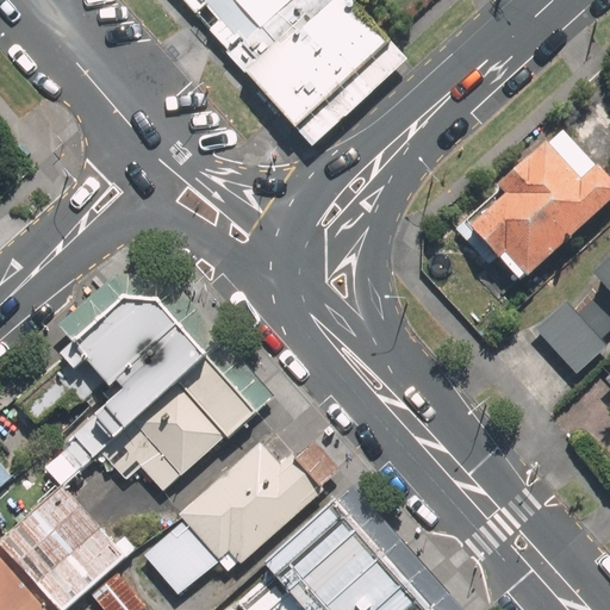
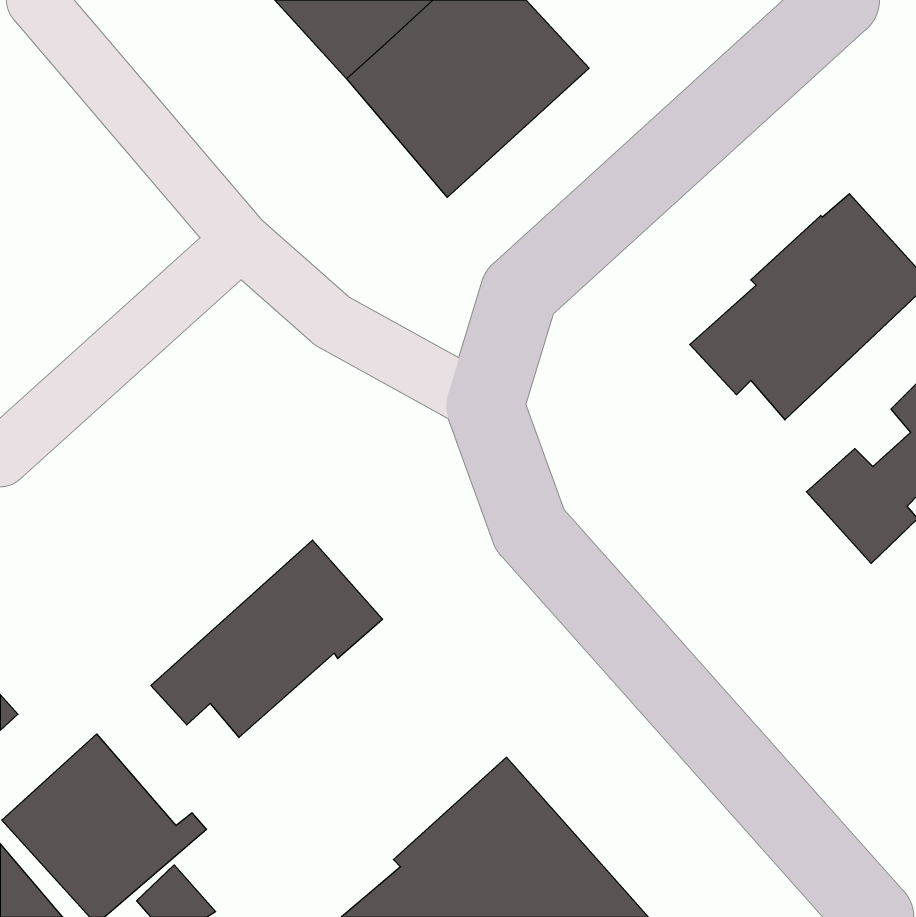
building: [13,301,208,458] -> none
building: [143,444,323,593] -> none

